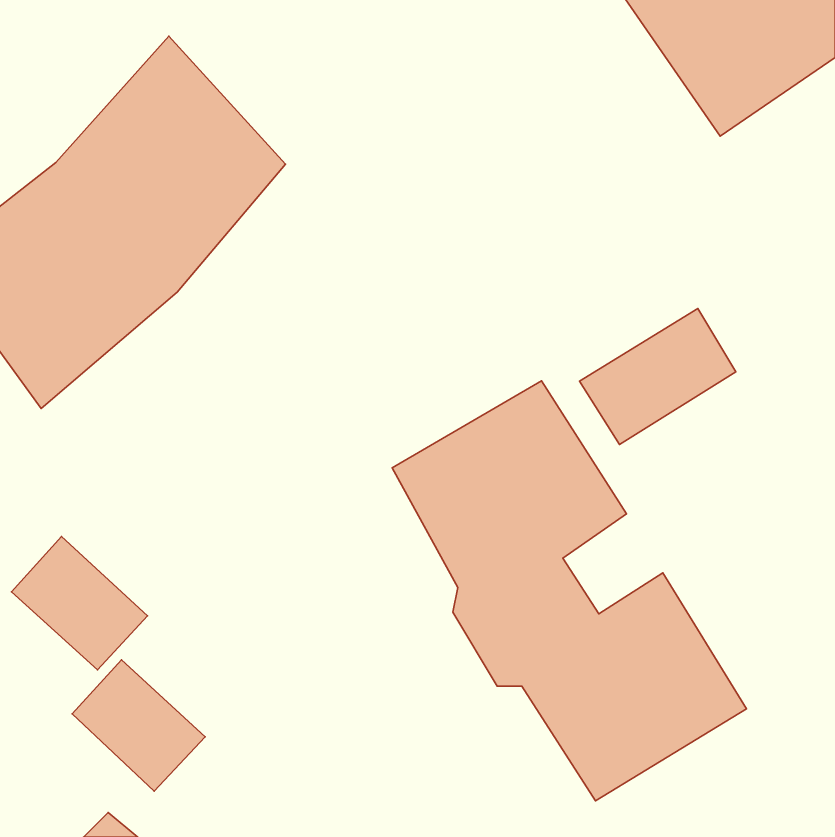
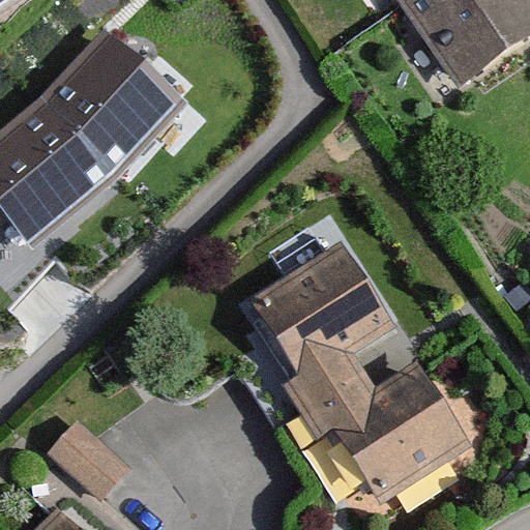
building: [580,308,736,444] -> none
building: [11,536,148,670] -> none

